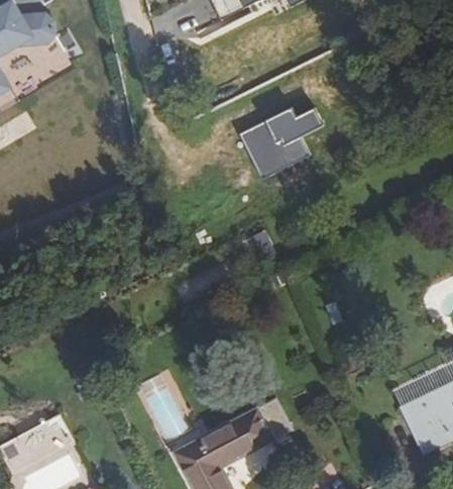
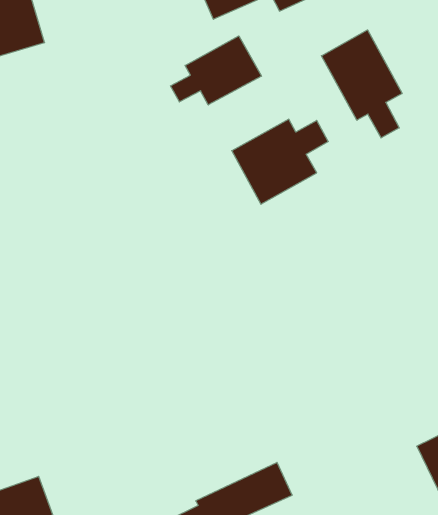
building: none -> [321,30,402,138]
building: none -> [171,36,261,105]

